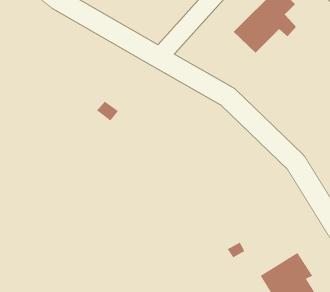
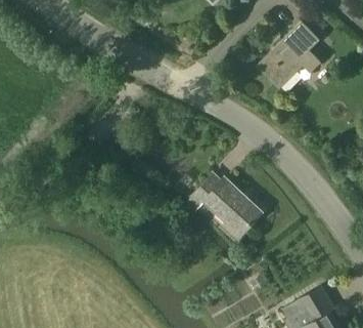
building: none -> [191,172,263,235]

